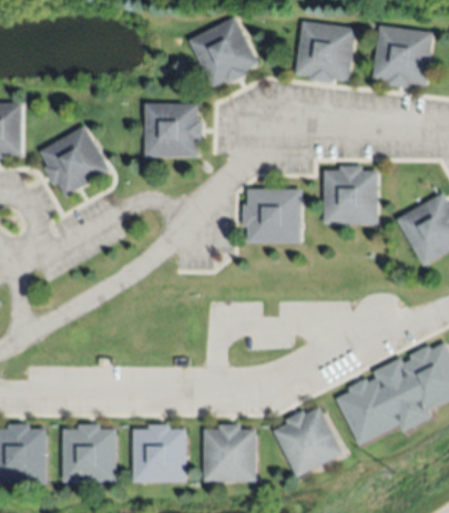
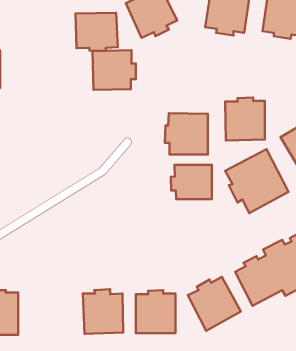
building: none -> [76,13,118,51]
building: [40,127,109,195] -> none
building: none -> [225,149,289,213]
building: none -> [171,165,212,199]
building: [63,423,115,482] -> none

